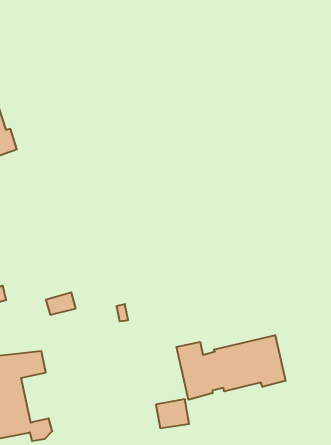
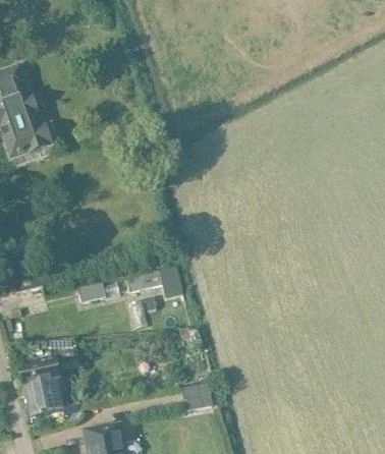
building: none -> [126,262,186,297]
building: [176,335,285,400] -> none

